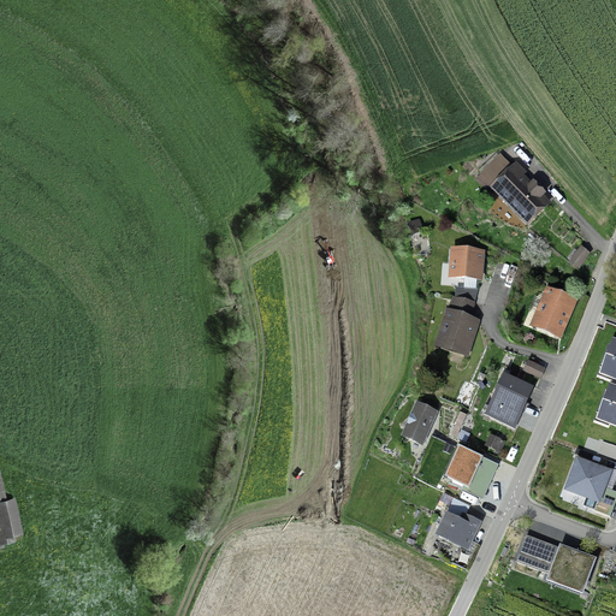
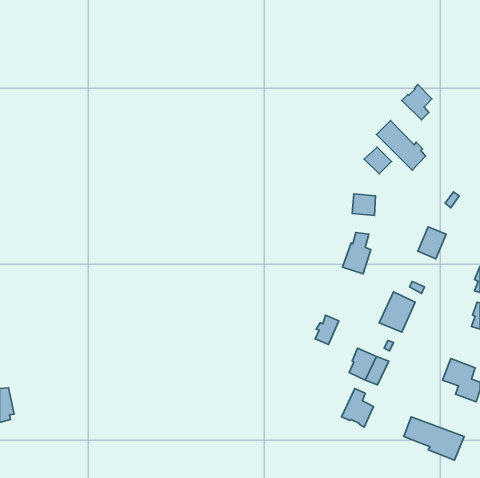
building: none -> [402,85,432,120]
building: none -> [364,147,391,174]

